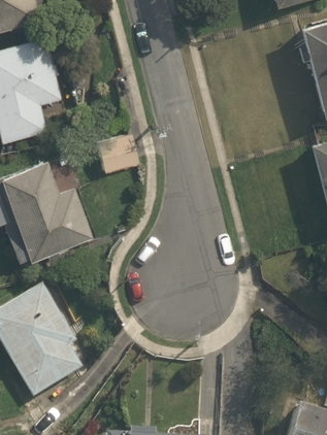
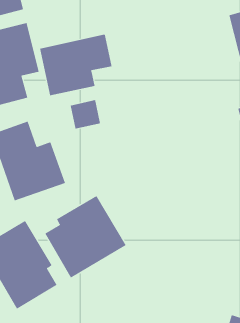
building: none -> [39,34,112,96]
building: none -> [44,195,126,278]

